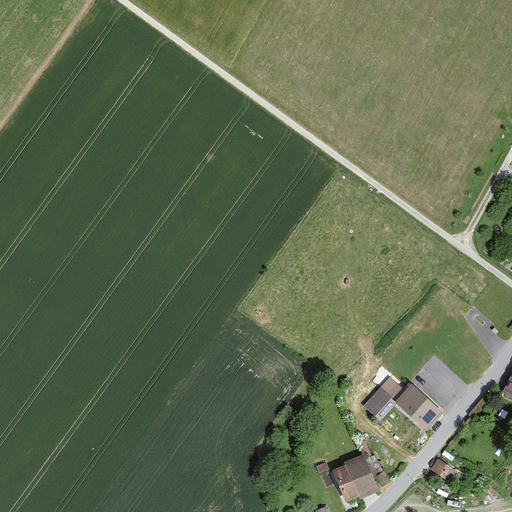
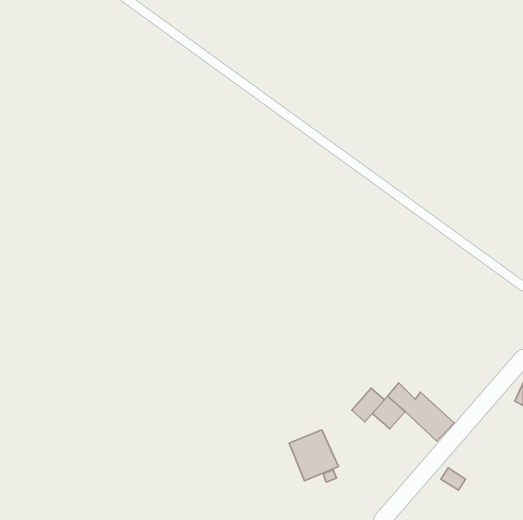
building: none -> [352,388,384,422]
building: [331,454,379,504] -> [289,430,338,481]

